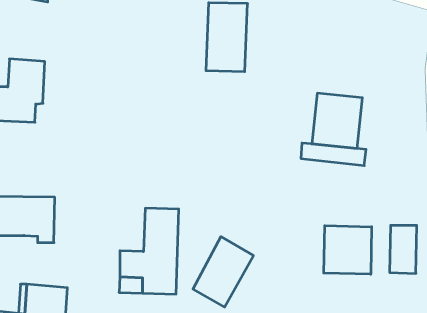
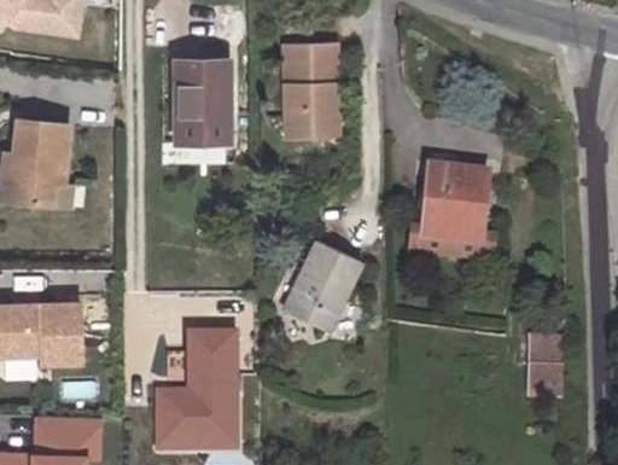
building: none -> [176,64,226,146]
building: [324,226,372,274] -> none
building: [193,237,253,307] -> [280,236,361,330]

